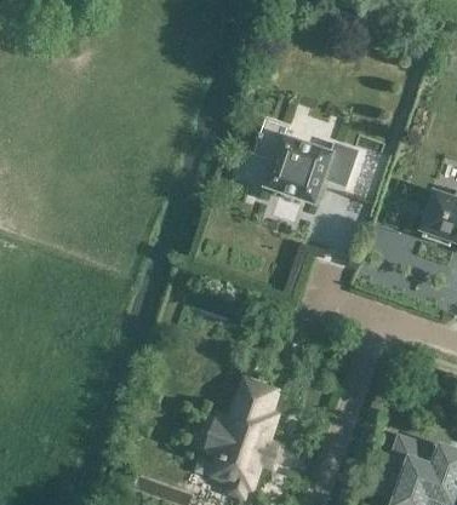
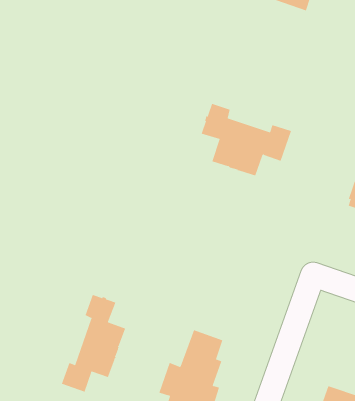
building: none -> [61,294,126,392]

